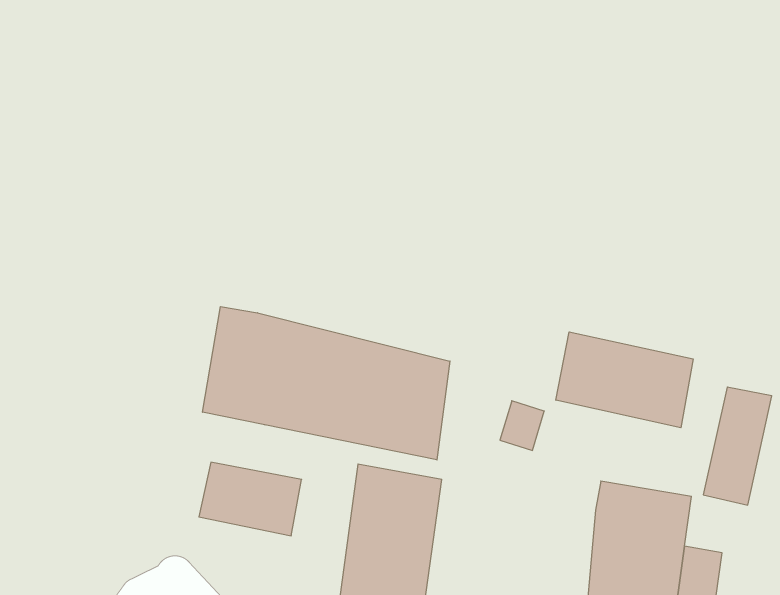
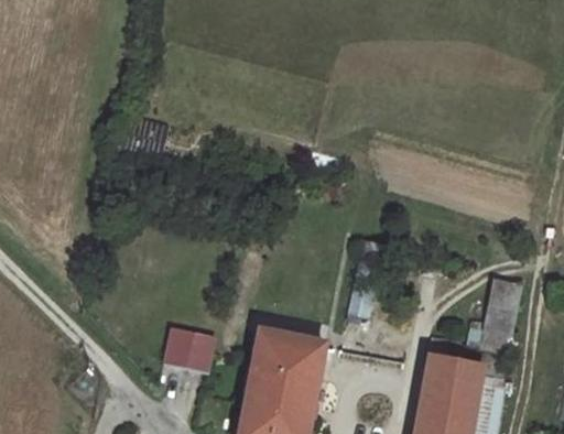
building: [203,307,450,460] -> none
building: [556,332,693,428] -> none

